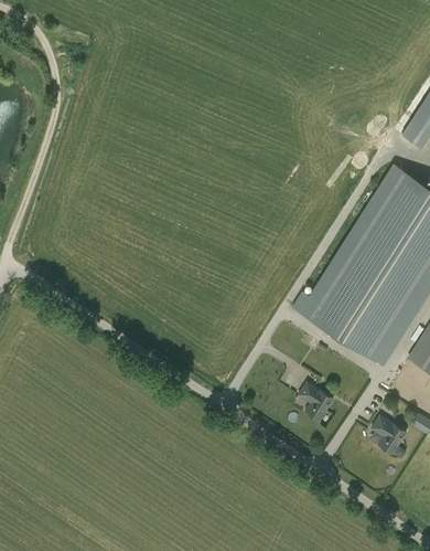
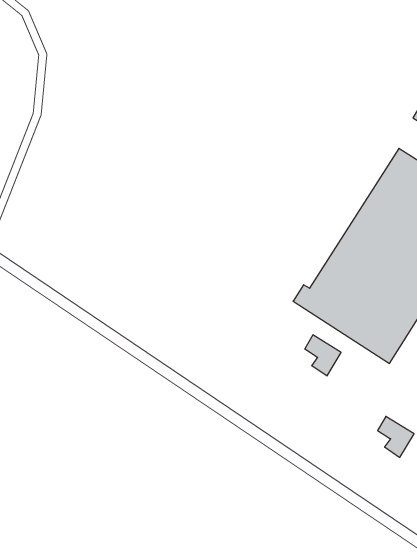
building: [298,383,332,422] -> [305,335,341,376]

